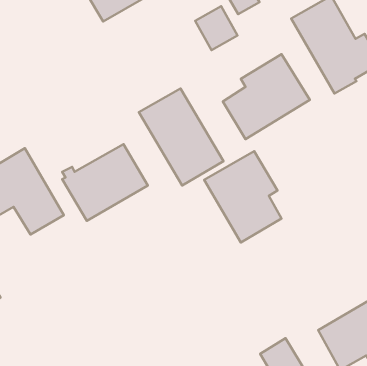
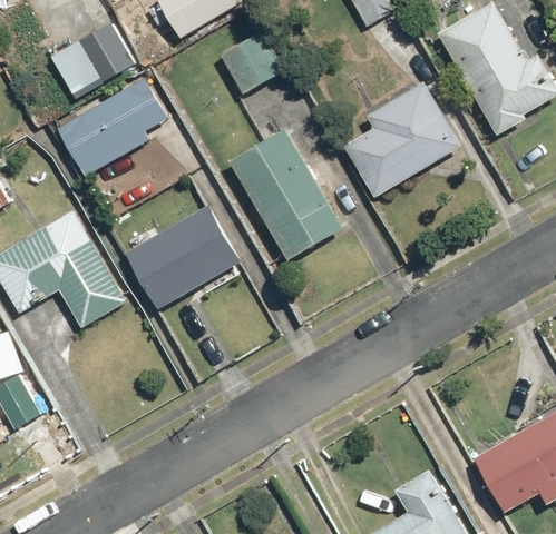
building: [195,6,237,50] -> [220,34,277,95]
building: none -> [49,22,134,100]
building: none -> [55,78,167,177]
building: [204,151,281,242] -> none

